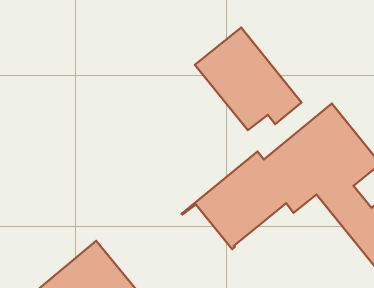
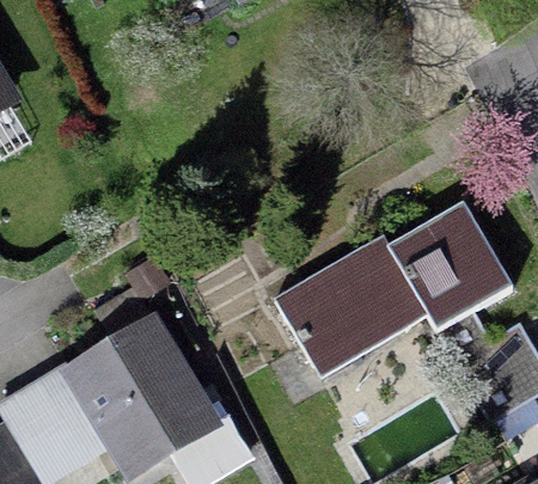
building: [195,27,301,130] -> none

